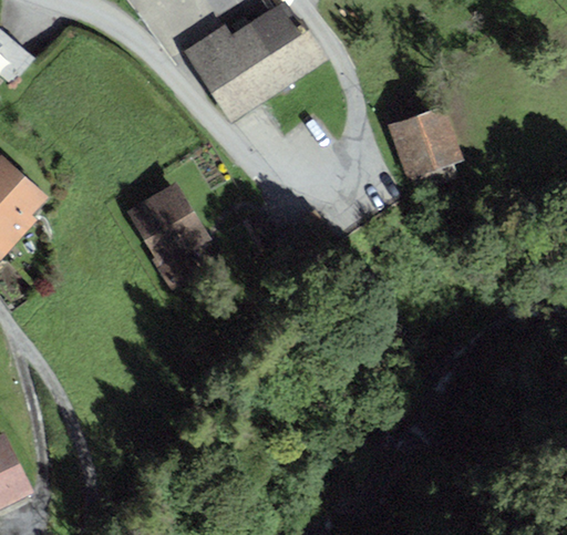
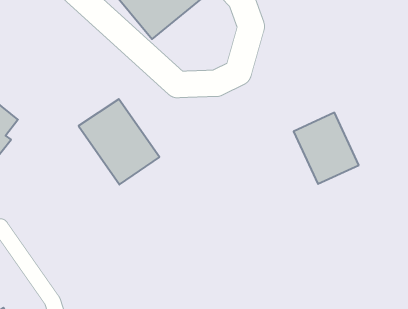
building: [389,106,467,195] -> [294,113,359,184]

